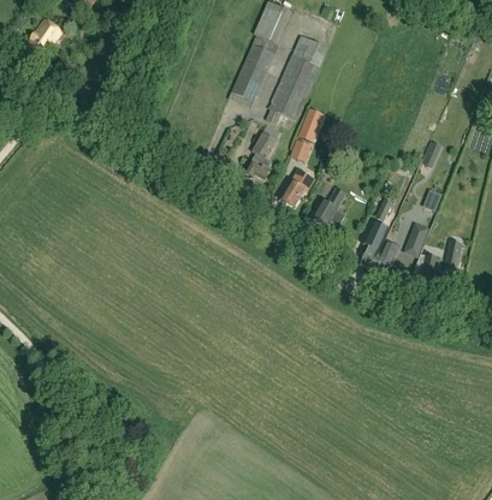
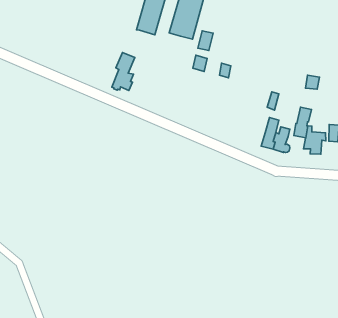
building: [244,131,278,179] -> [112,52,135,90]
building: [280,167,315,206] -> none
building: [312,186,346,226] -> none

